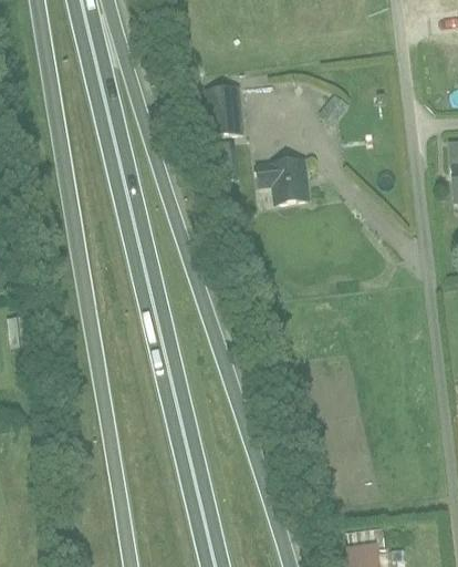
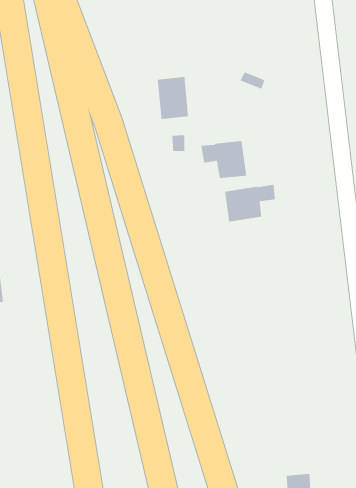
building: none -> [224,184,276,223]

